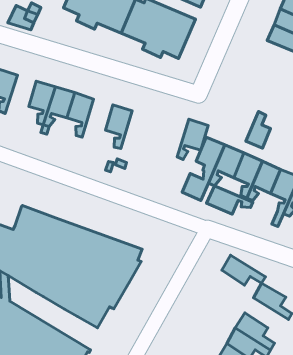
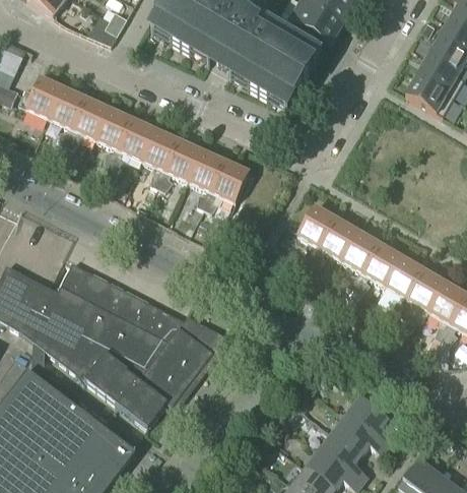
building: none -> [66,98,110,146]
building: none -> [158,139,202,188]
building: [246,112,270,148] -> none
building: [177,119,208,159] -> [205,160,249,209]
building: [206,186,253,214] -> none
building: [222,255,265,285] -> [335,413,389,452]

